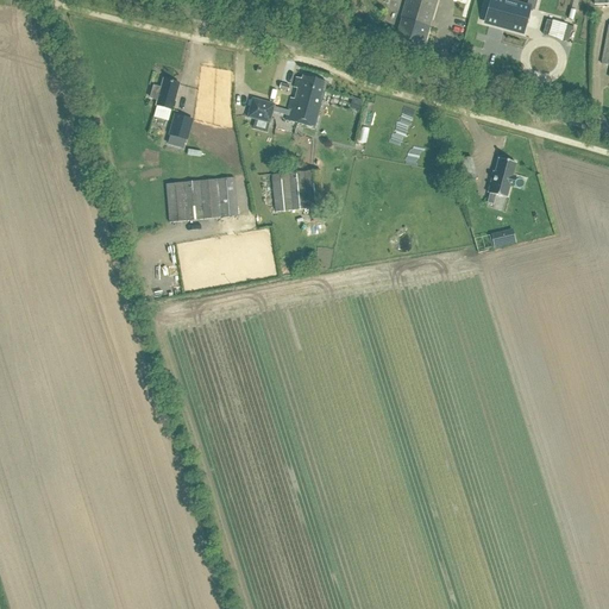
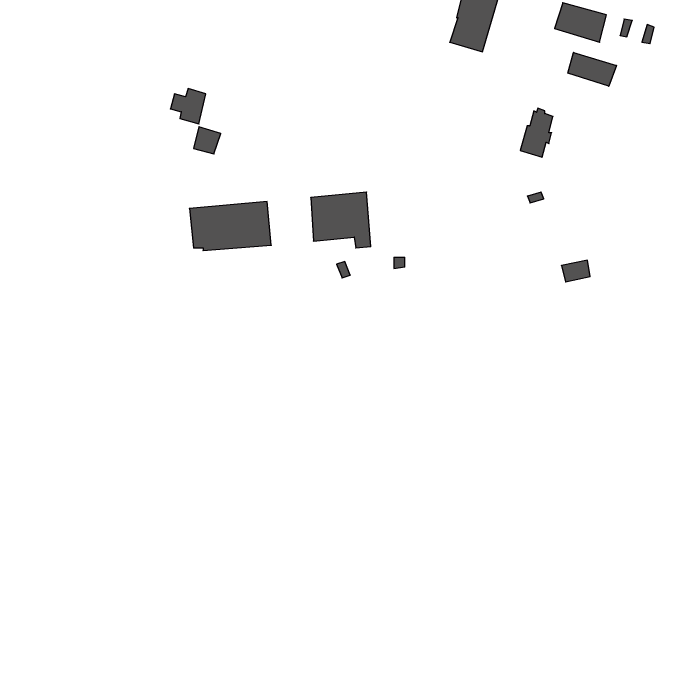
building: none -> [568,52,616,86]
building: [246,73,326,125] -> none
building: [486,152,515,195] -> [520,108,553,157]

